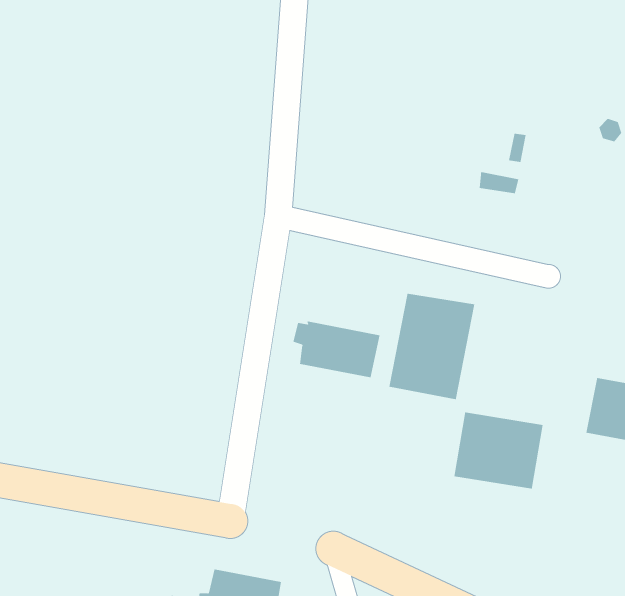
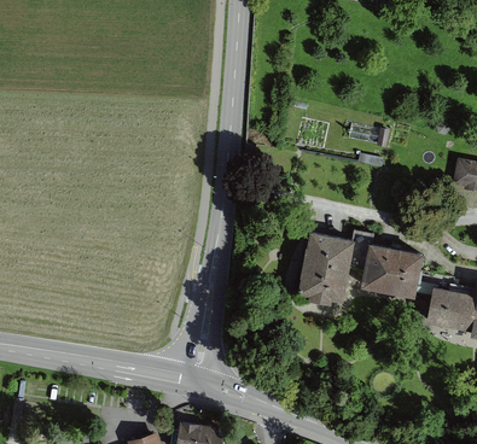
building: [293,321,380,378] -> none
building: [453,412,544,489] -> [361,246,420,297]

